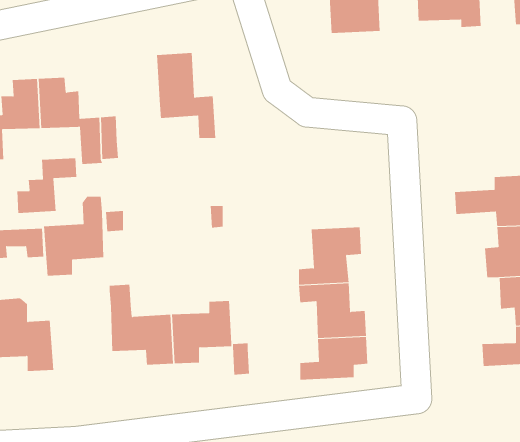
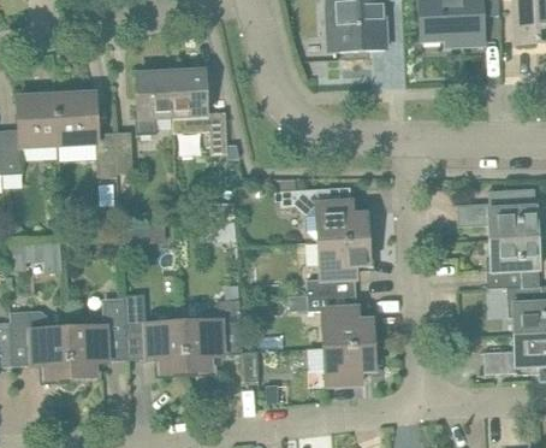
building: none -> [135,72,171,135]
building: [17,158,77,214] -> none
building: none -> [279,187,366,241]
building: [43,196,104,276] -> [66,300,125,377]

